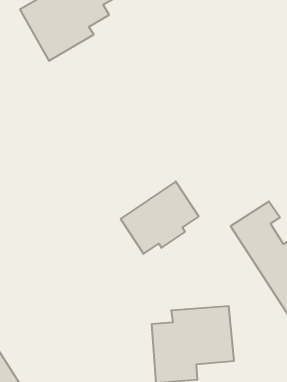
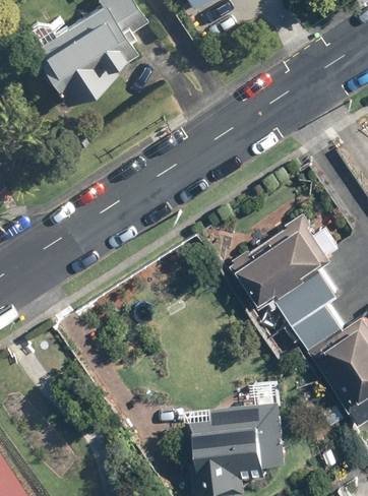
building: [121,181,199,254] -> [235,218,328,304]

